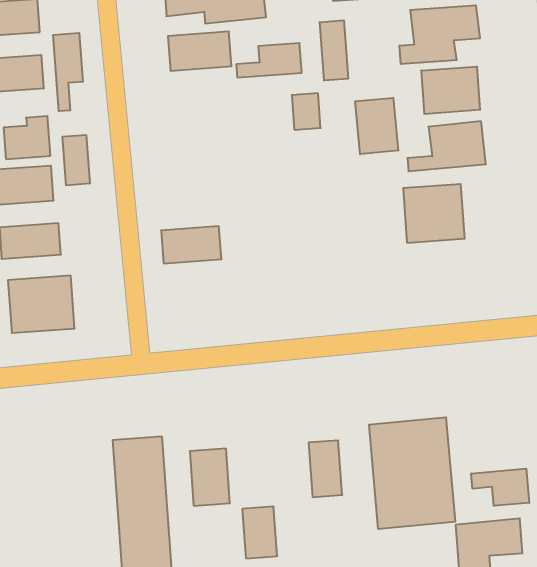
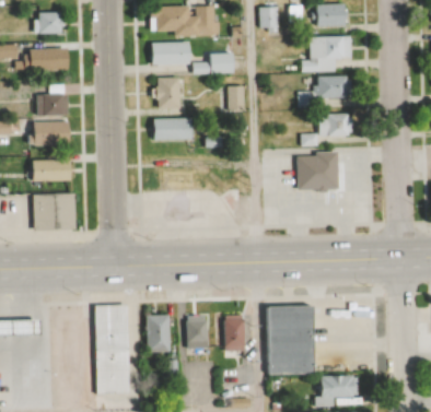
building: [320,20,348,81] -> none
building: [53,33,83,111] -> none
building: none -> [156,78,182,108]
building: [355,98,398,154] -> none
building: [63,135,90,185] -> none
building: [161,226,221,263] -> [152,118,190,140]
building: [471,469,529,506] -> none
building: [242,507,277,558] -> [187,317,208,350]

